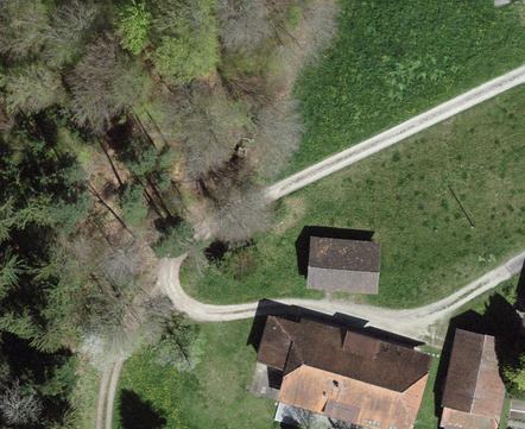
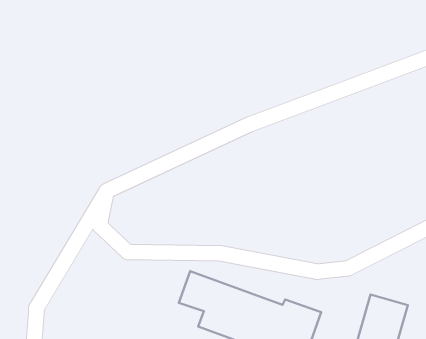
building: [310,241,373,284] -> none

